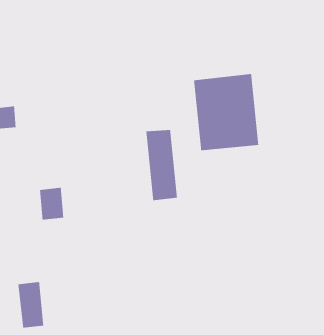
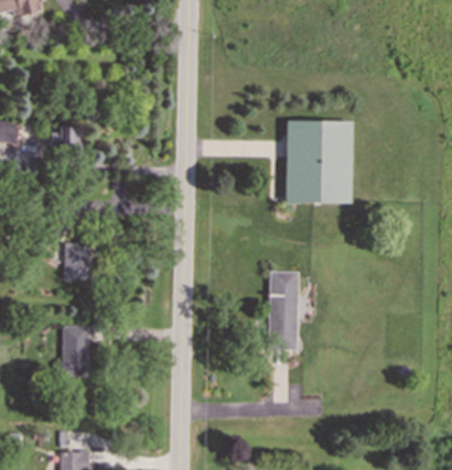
building: [145,129,178,201] -> [269,271,299,350]
building: [39,187,64,221] -> [65,243,92,278]

